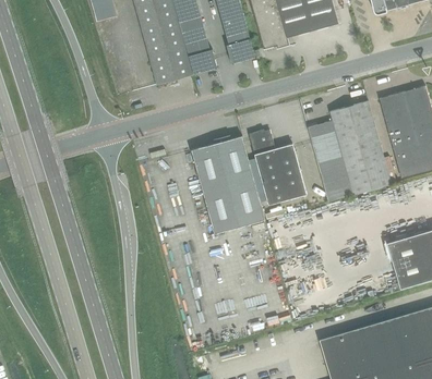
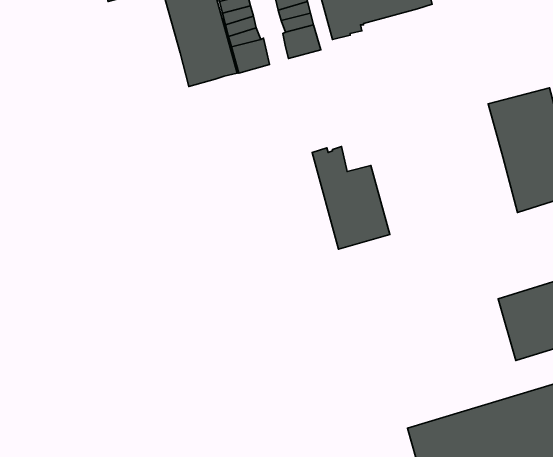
building: [308,101,392,201] -> none
building: [192,136,265,234] -> none

